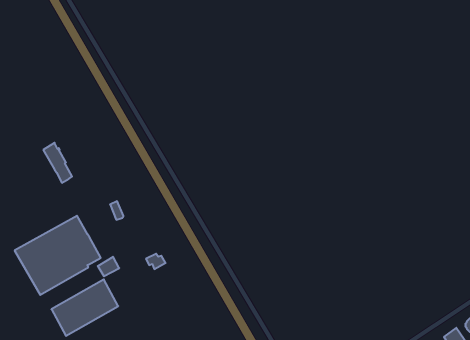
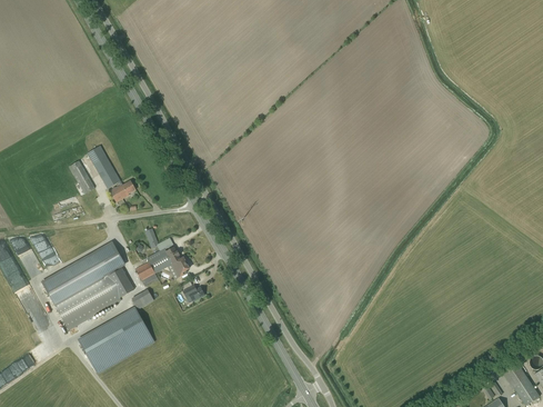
building: none -> [86,143,134,201]
building: none -> [134,245,189,278]

